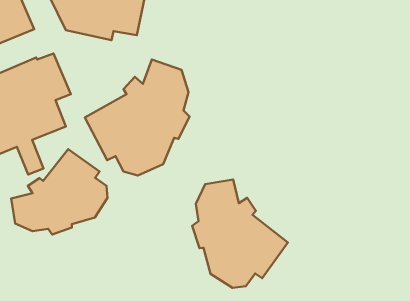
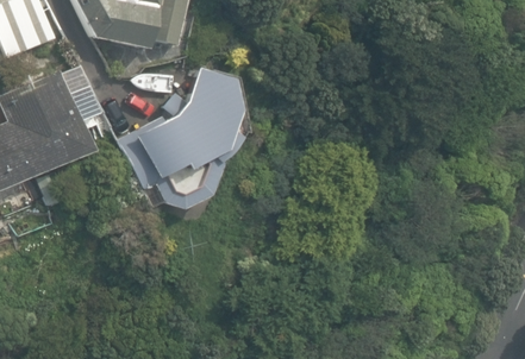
building: [11,149,108,234] -> none
building: [192,179,288,288] -> none

